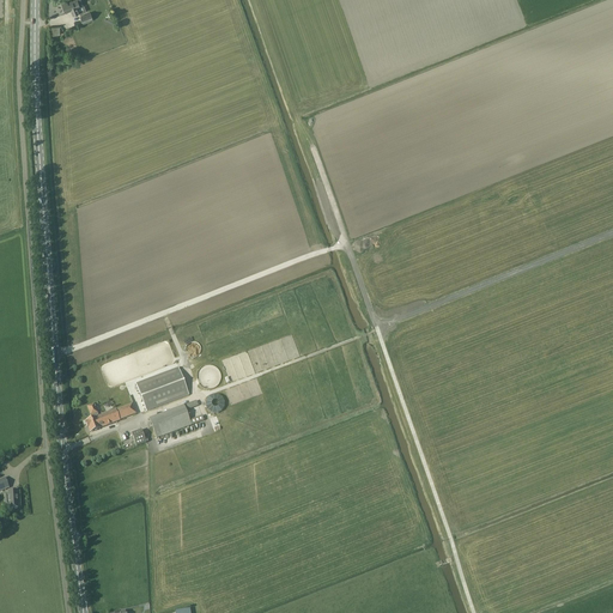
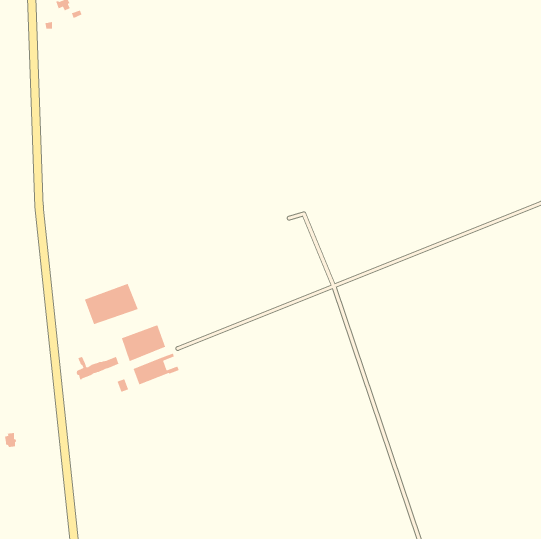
building: none -> [84,283,139,325]

